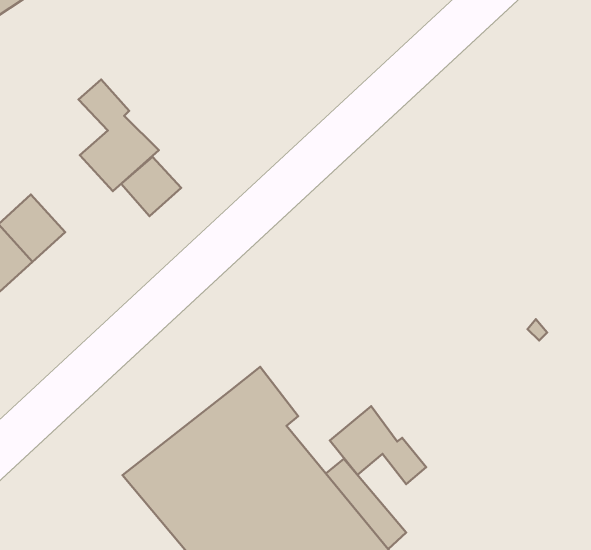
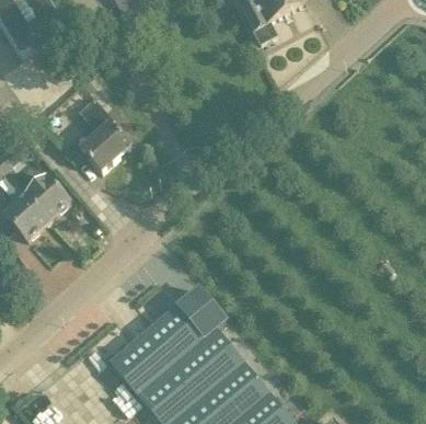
building: [121,157,181,216] -> none
building: [330,406,426,484] -> none

